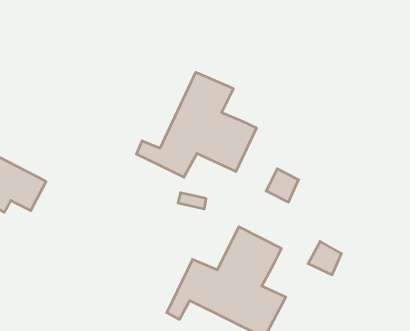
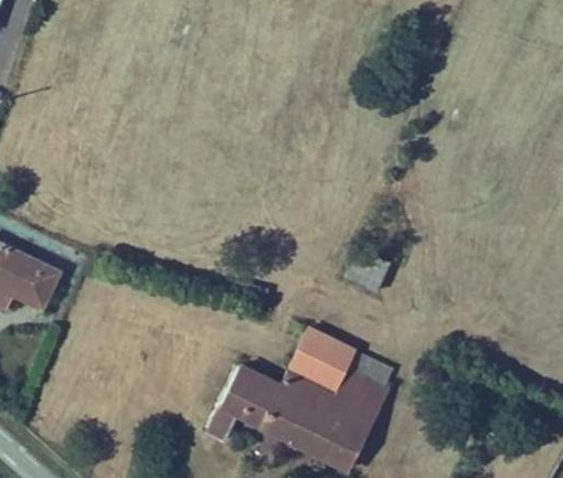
building: [136,72,256,177] -> none
building: [308,241,341,275] -> [338,375,381,418]

